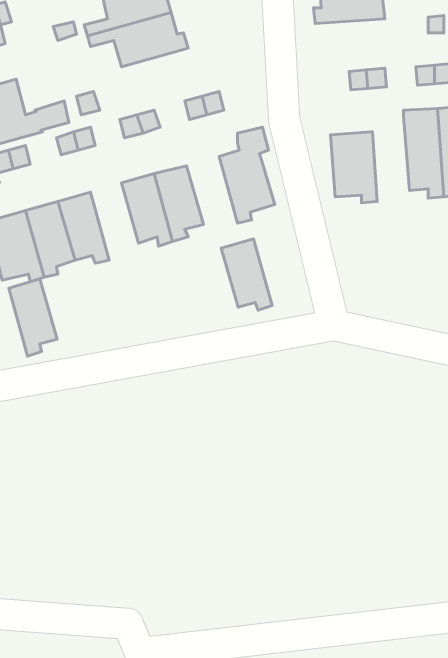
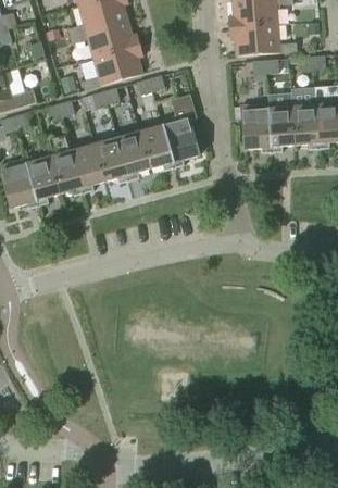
building: none -> [228,24,297,55]
building: none -> [82,45,142,90]
building: none -> [266,92,295,152]
building: [221,239,272,310] -> [138,121,174,171]
building: [9,279,57,356] -> [71,139,104,193]

